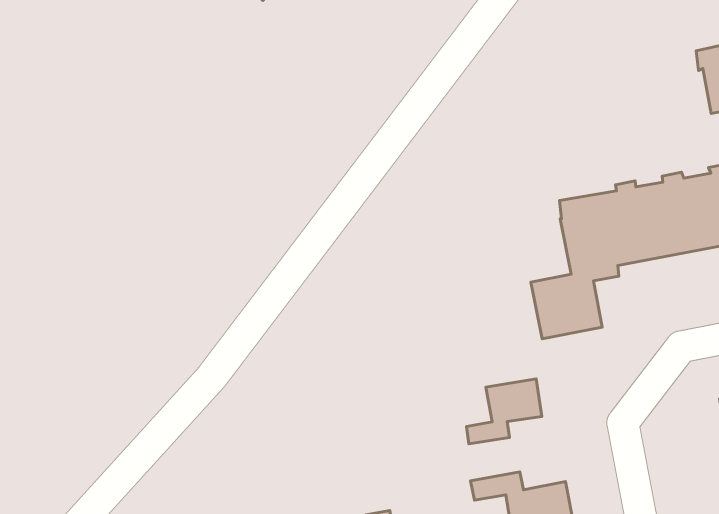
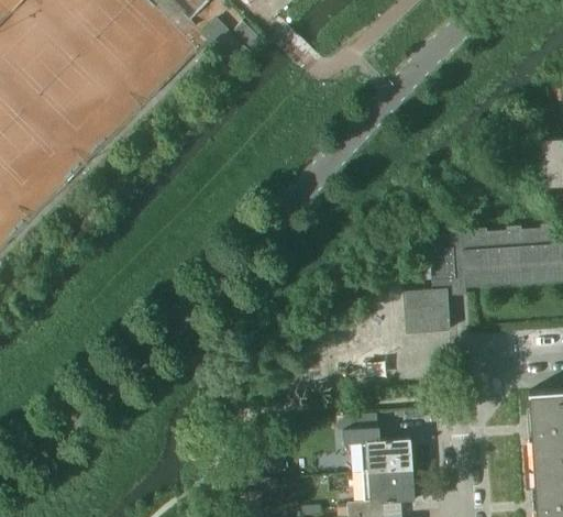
building: [466,379,542,444] -> none

